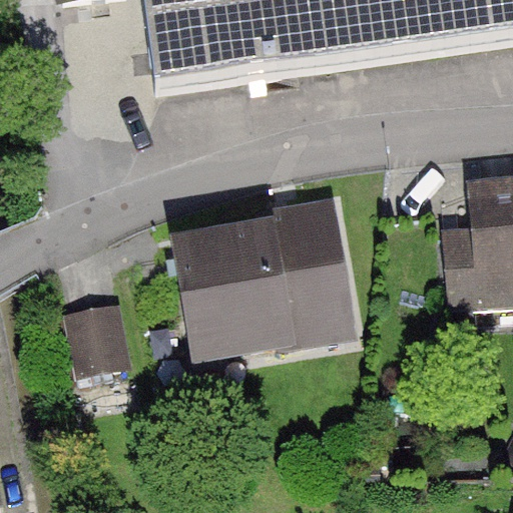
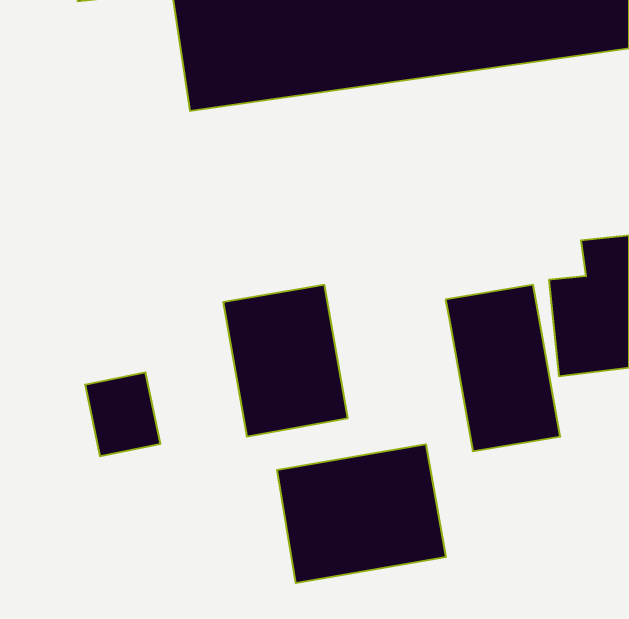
building: [261,204,354,340] -> [446,285,560,451]
building: none -> [277,444,446,583]

